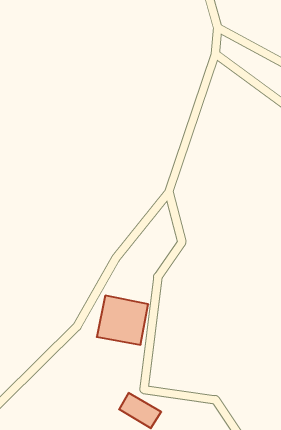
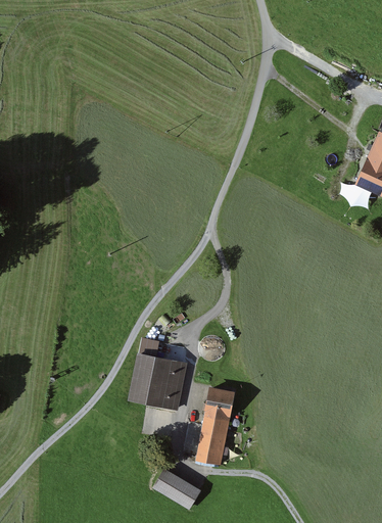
building: none -> [195,389,235,466]

